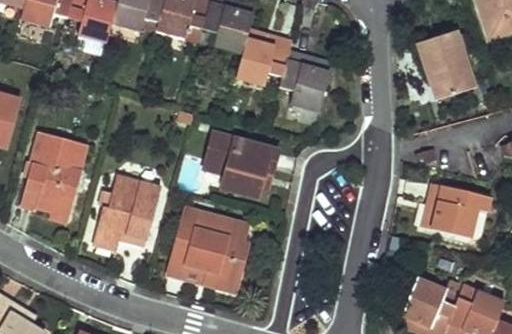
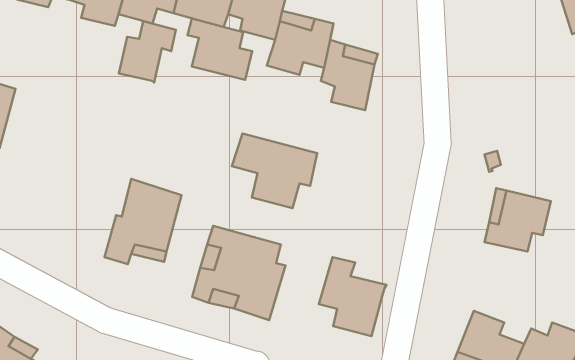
building: [420,30,476,98] -> none
building: none -> [188,19,252,80]
building: none -> [119,21,176,82]
building: [22,124,85,212] -> none
building: none -> [319,257,386,336]

